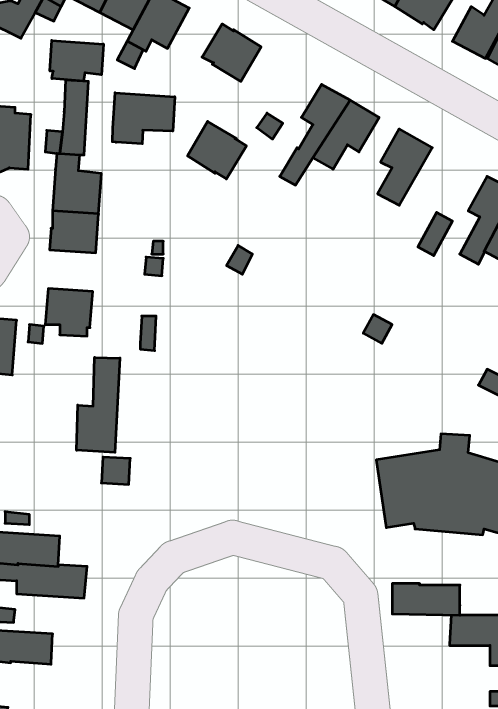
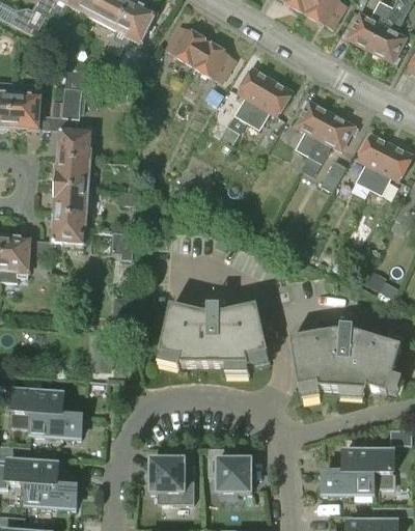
building: [50,40,103,81] -> none
building: [112,93,175,144] -> none
building: [188,121,246,179] -> [193,40,236,82]
building: none -> [307,113,356,163]
building: none -> [54,187,88,217]
building: [77,357,120,452] -> none
building: none -> [159,299,269,368]
building: [392,584,460,615] -> [324,471,372,494]
building: none -> [151,446,194,502]
building: none -> [208,447,251,493]
building: none -> [26,483,77,508]

